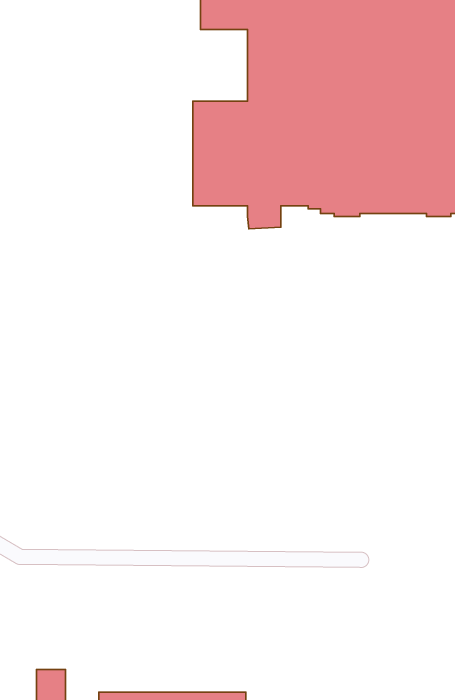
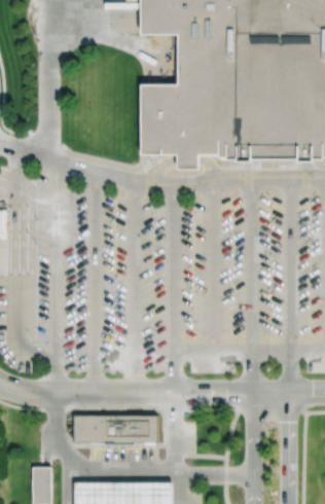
building: none -> [74,415,158,443]

